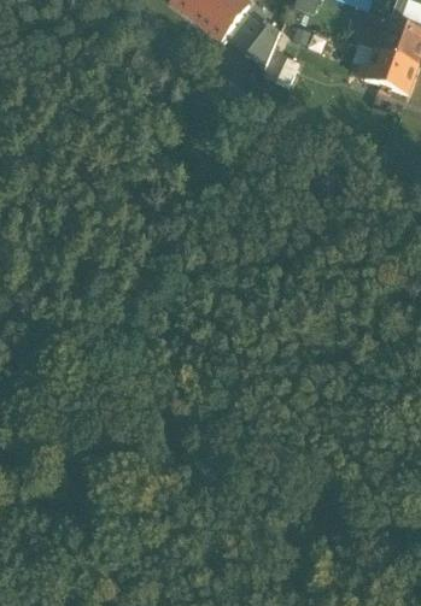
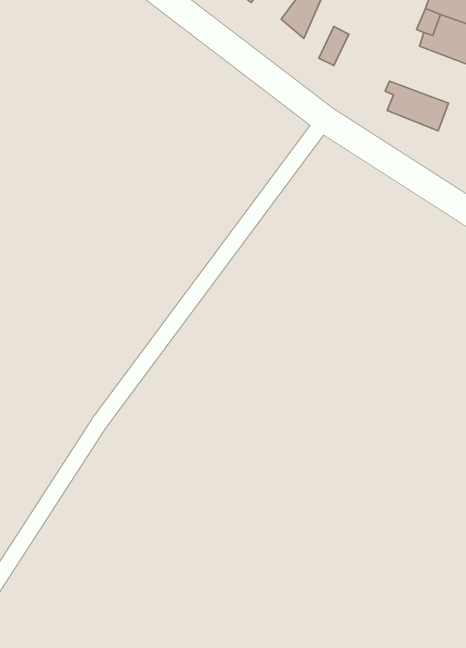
building: none -> [385,81,449,131]

